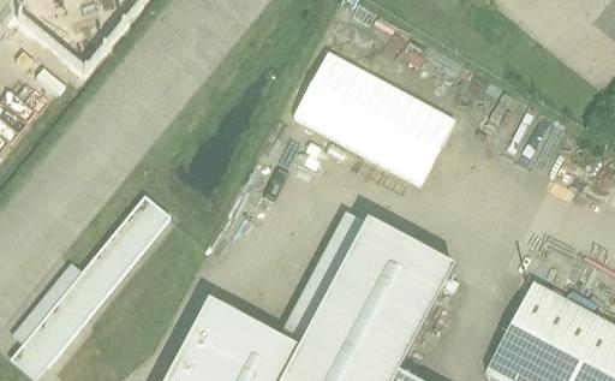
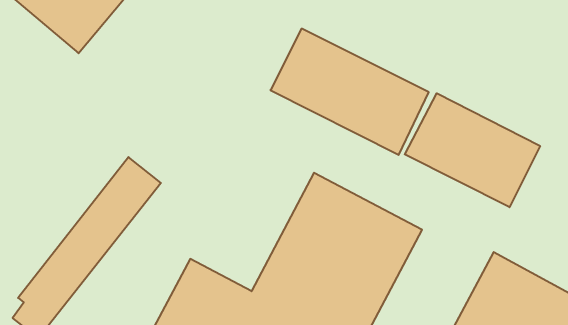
building: none -> [405,93,540,207]

